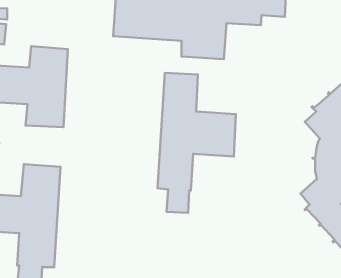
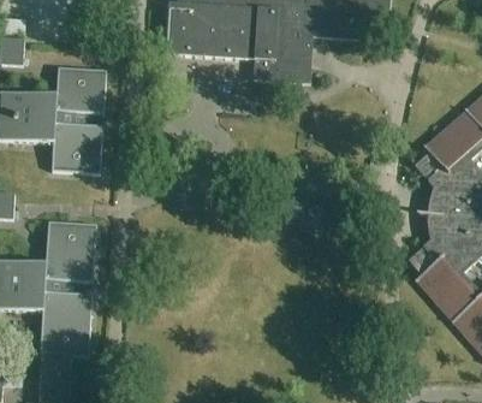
building: [158,73,236,213] -> none

